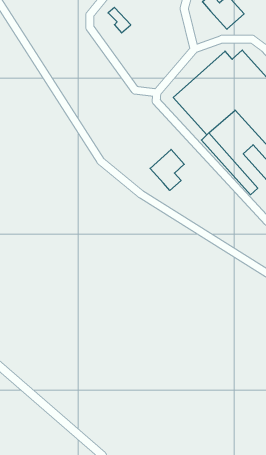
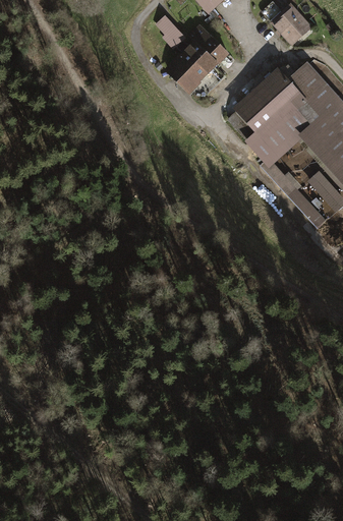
building: none -> [168,26,227,98]
building: [150,149,184,190] -> none

